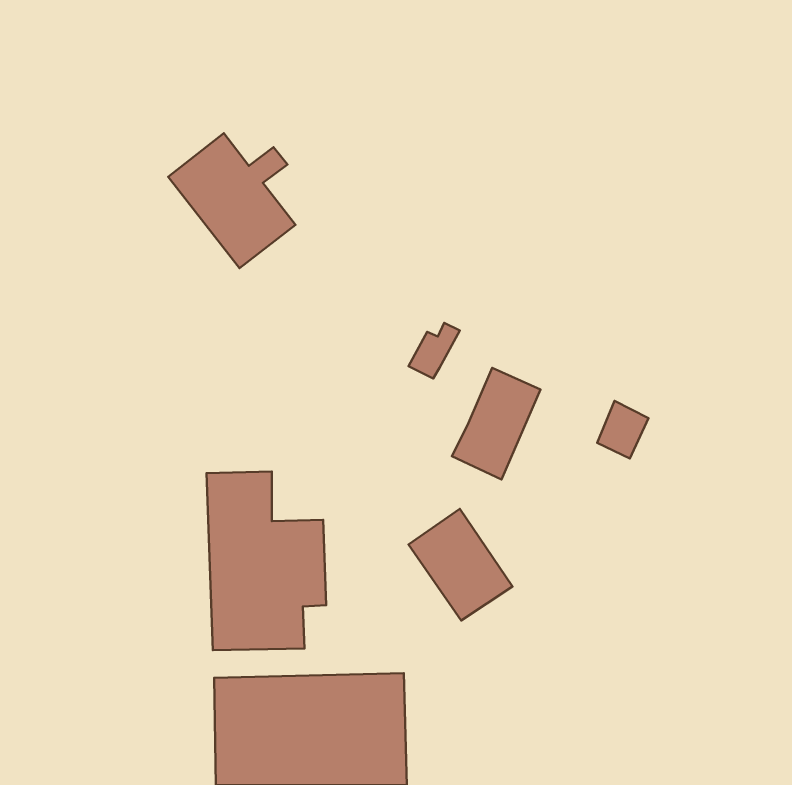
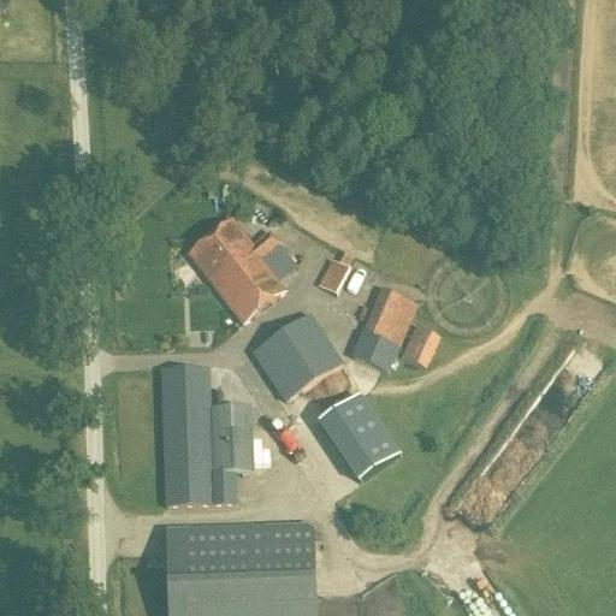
building: [168,133,295,268] -> [188,218,286,322]
building: none -> [251,310,345,401]
building: [597,401,649,458] -> [401,322,440,367]

